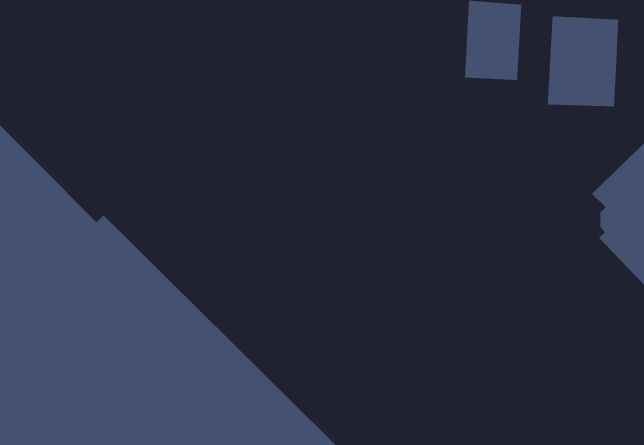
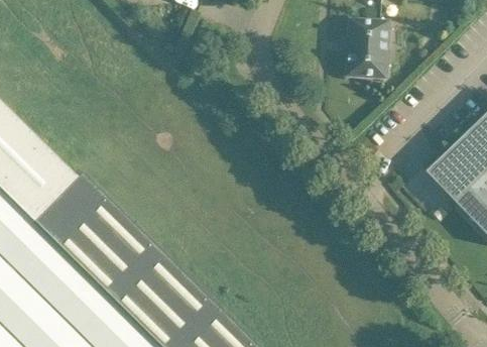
building: [547,15,619,107] -> none

